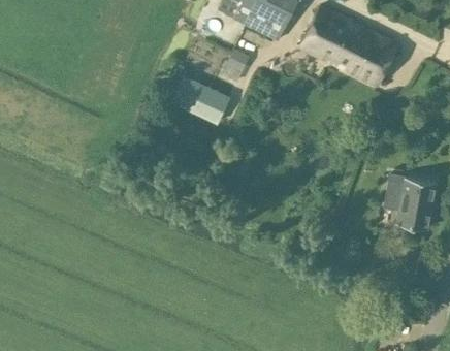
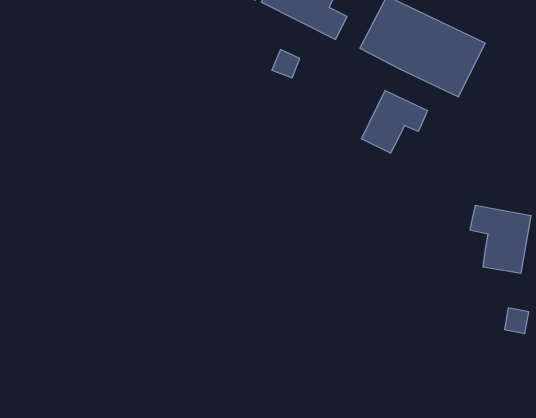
building: [172,77,229,125] -> none
building: none -> [362,90,428,153]

